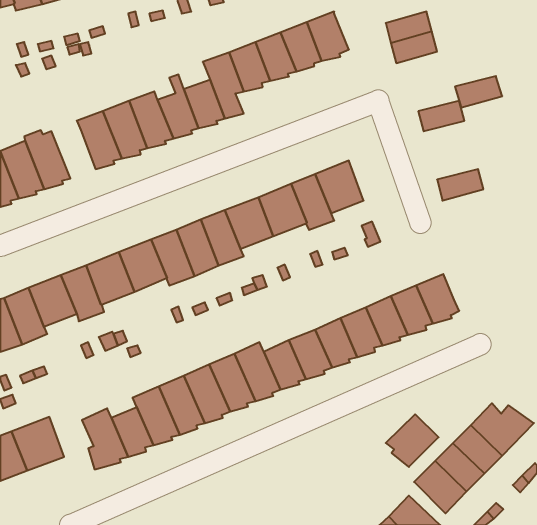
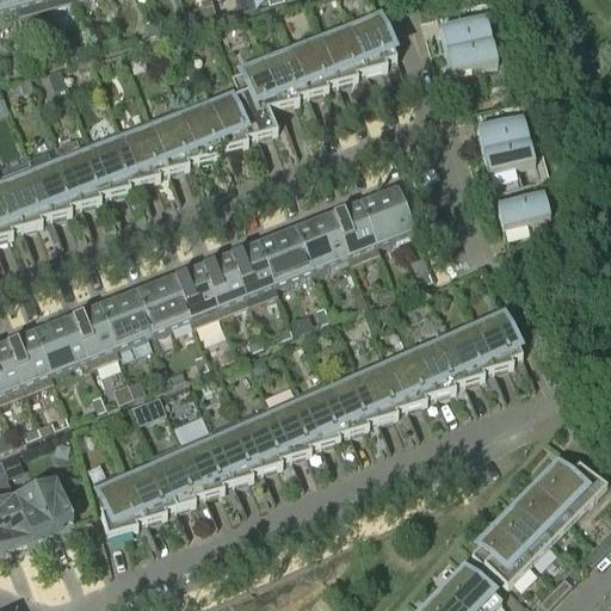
building: [455,76,502,108] -> [481,137,535,173]
building: none -> [57,136,109,203]
building: [386,414,439,467] -> none

